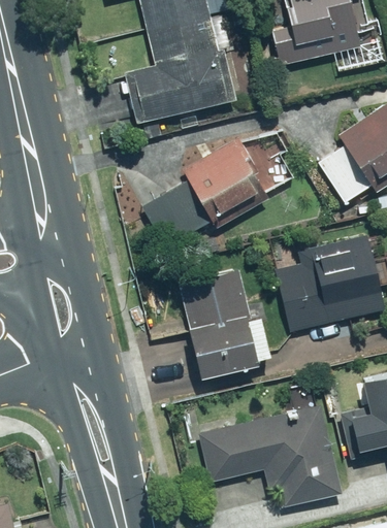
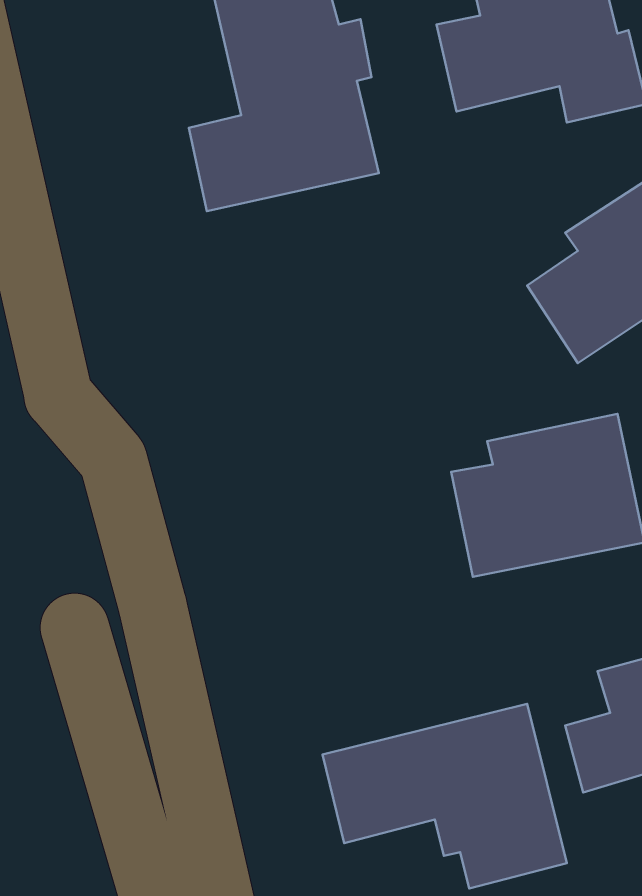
building: [138,138,267,245] -> none
building: [181,268,270,377] -> none

